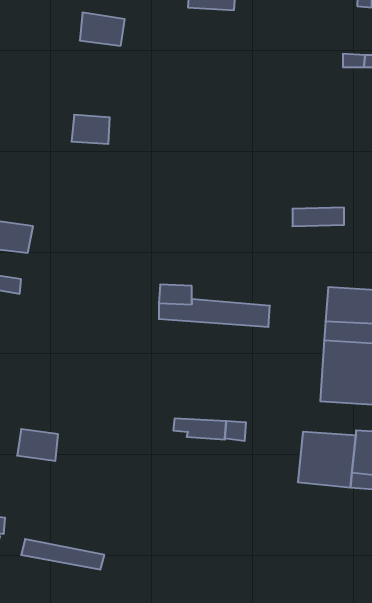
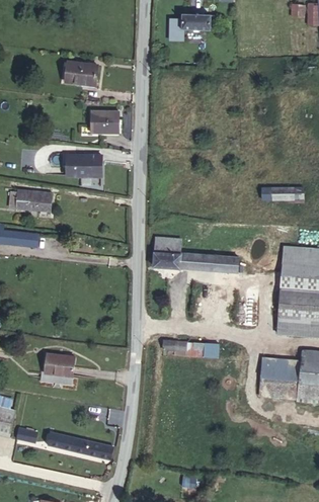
building: [80,13,125,46] -> [58,65,92,90]
building: none -> [62,157,97,180]

